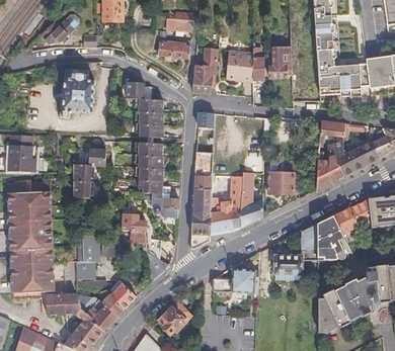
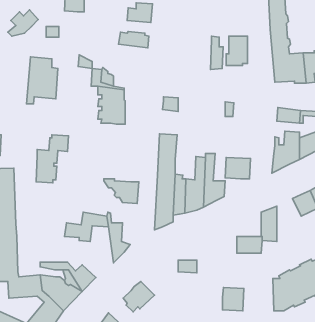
building: [192,49,216,91] -> none
building: [224,49,252,81] -> none
building: [134,142,170,197] -> none
building: [120,214,145,233] -> none
building: [320,214,346,260] -> none
building: [74,237,98,280] -> none
building: [237,268,259,292] -> [222,287,244,311]

